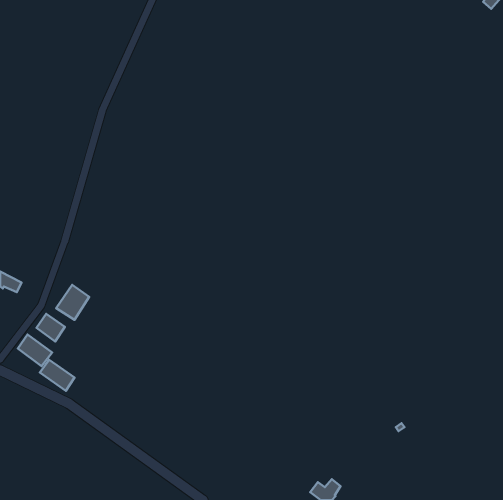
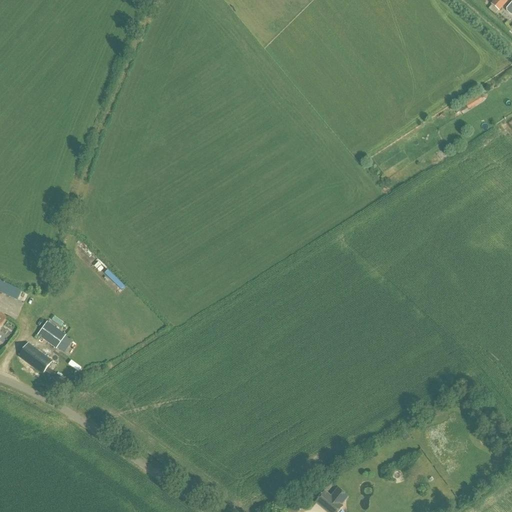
building: [56,285,89,320] -> none
building: [40,360,74,391] -> none

